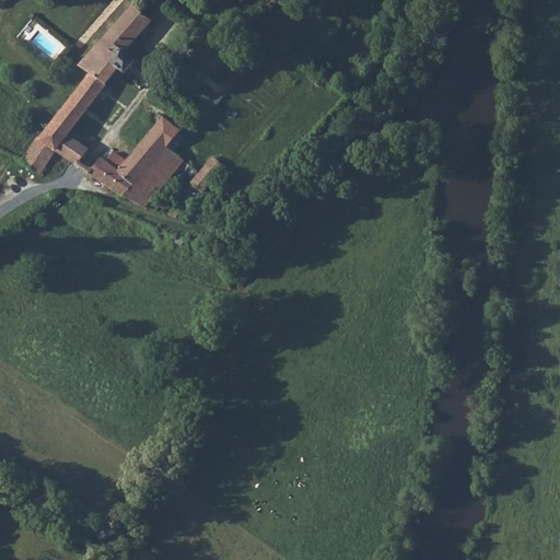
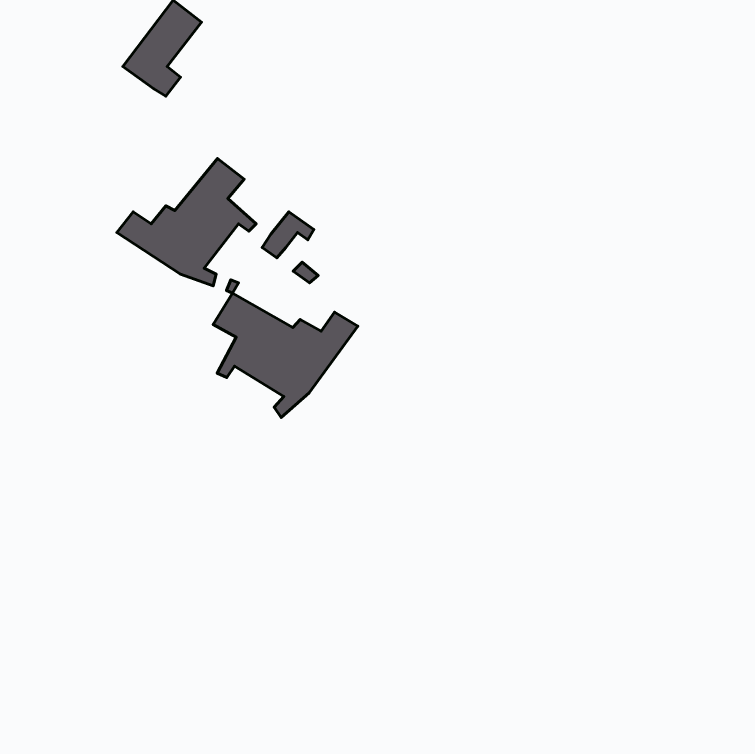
building: [16,49,115,172] -> none
building: none -> [213,293,358,418]

